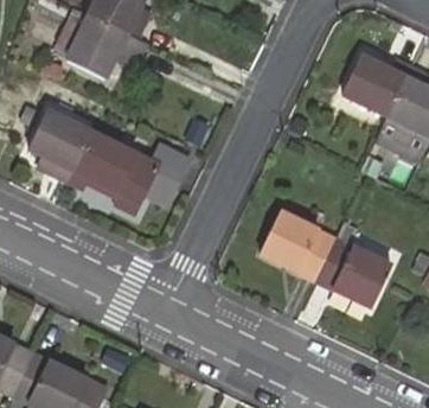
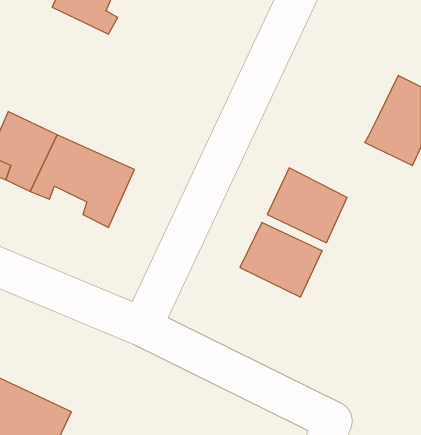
building: [65,13,149,77] -> none
building: [341,53,406,115] -> none
building: [316,237,390,306] -> [267,168,347,243]

